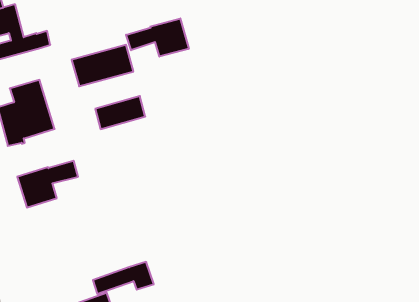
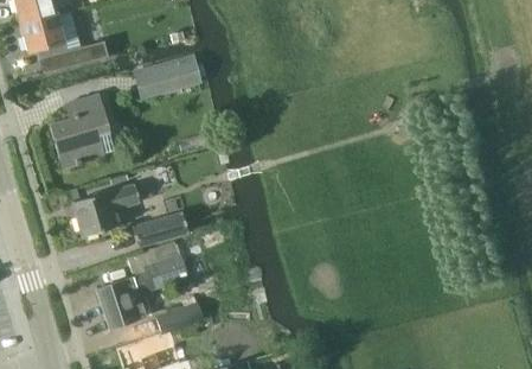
building: [126,18,189,57] -> none
building: [95,96,145,129] -> [132,211,187,248]
building: none -> [97,236,210,327]

